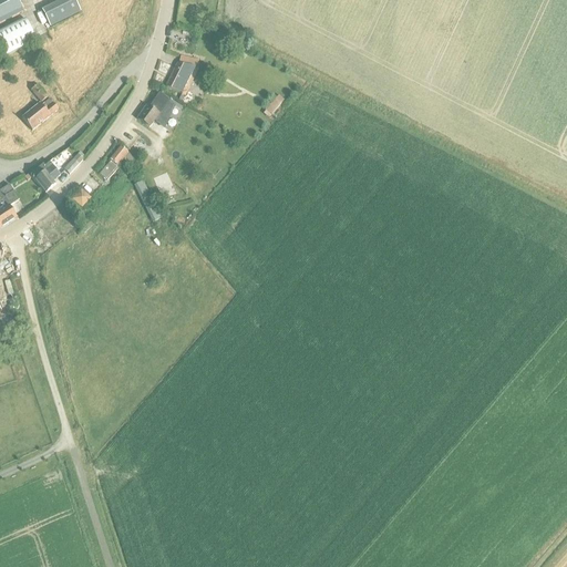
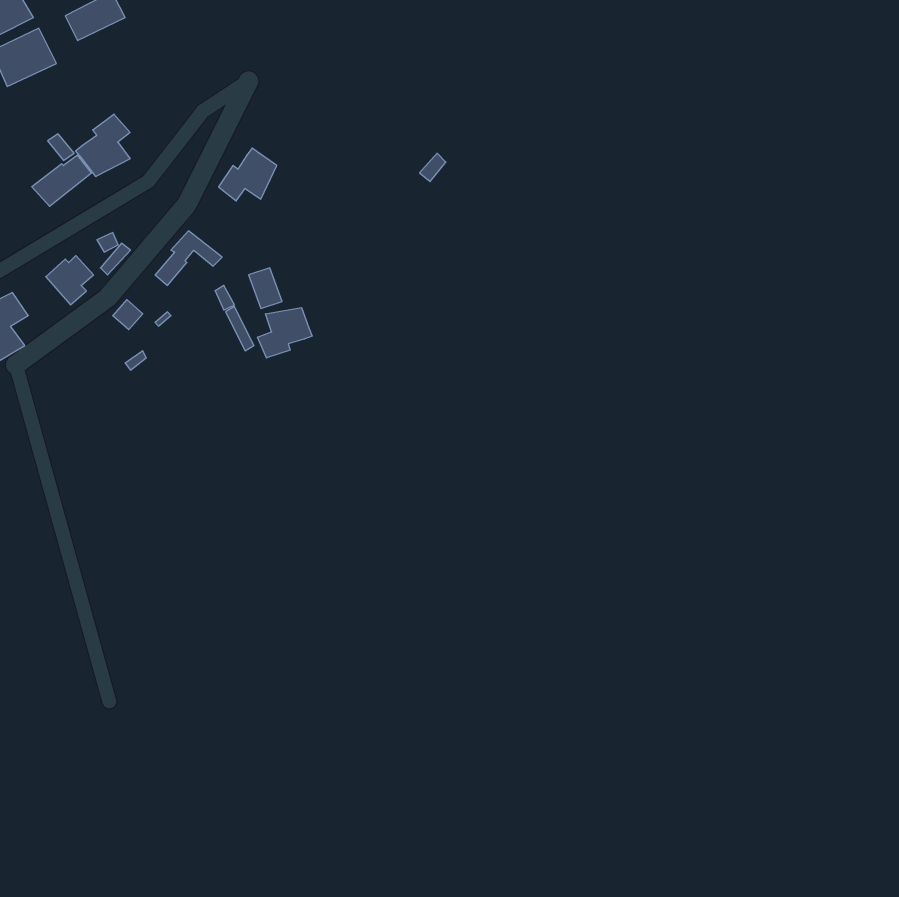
building: [164,54,197,93] -> none
building: none -> [76,114,130,177]
building: none -> [258,308,312,358]

